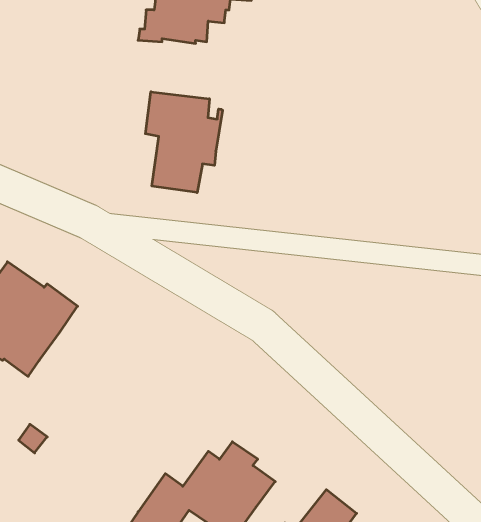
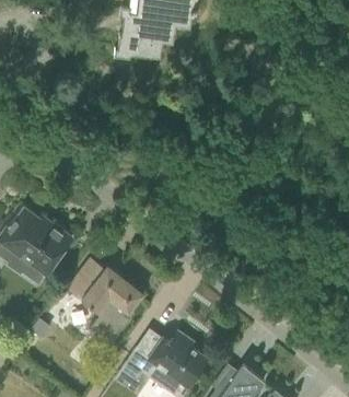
building: [145,92,223,193] -> none
building: none -> [67,257,142,340]

